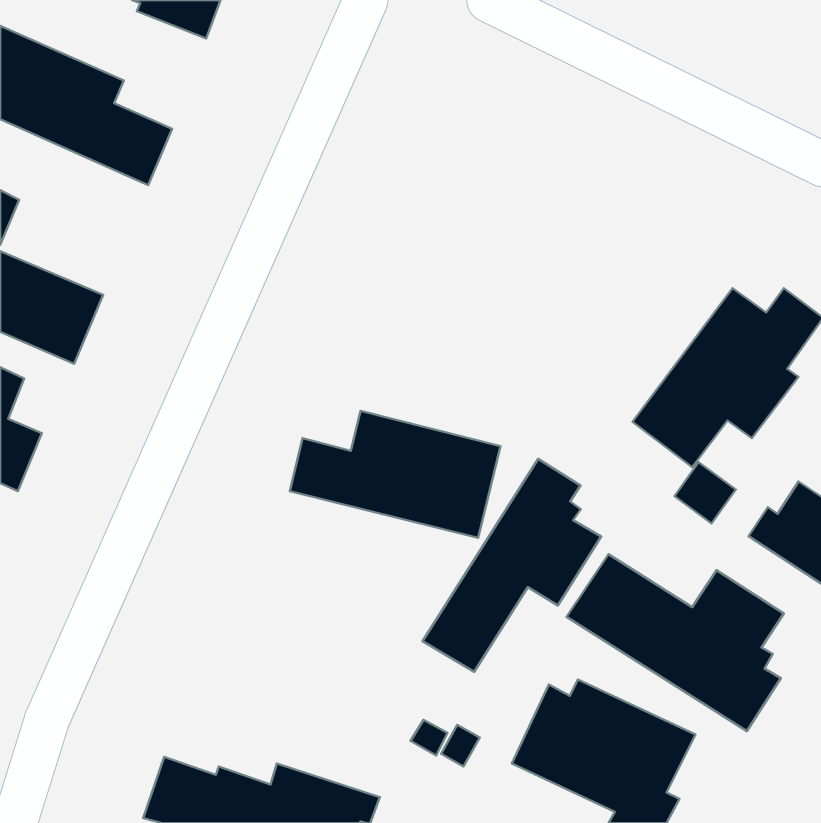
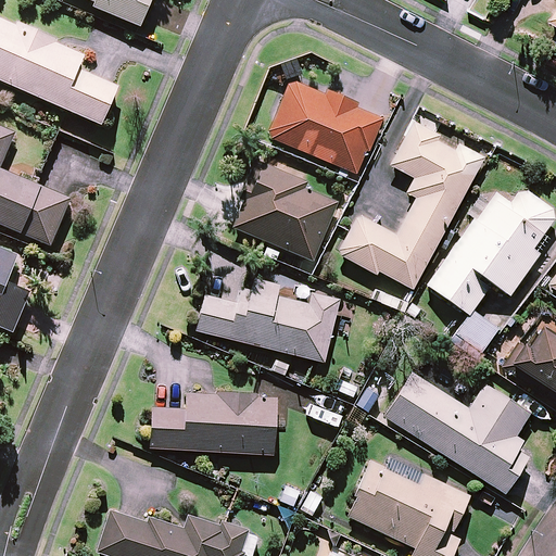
building: none -> [267,77,381,175]
building: none -> [339,122,484,290]
building: none -> [233,161,338,262]
building: [423,459,601,672] -> none
building: none -> [151,392,277,455]

